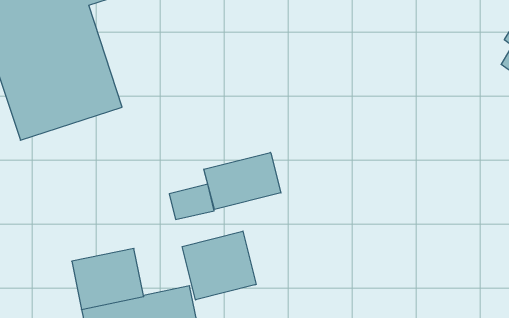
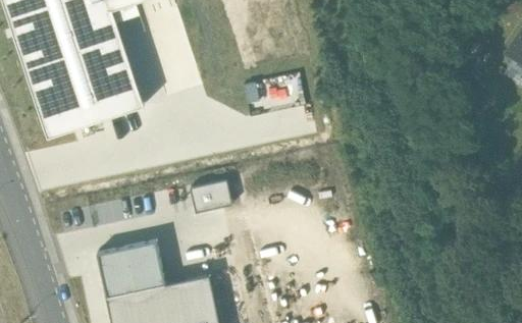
building: [204,152,281,209] -> none
building: [182,231,256,300] -> none

